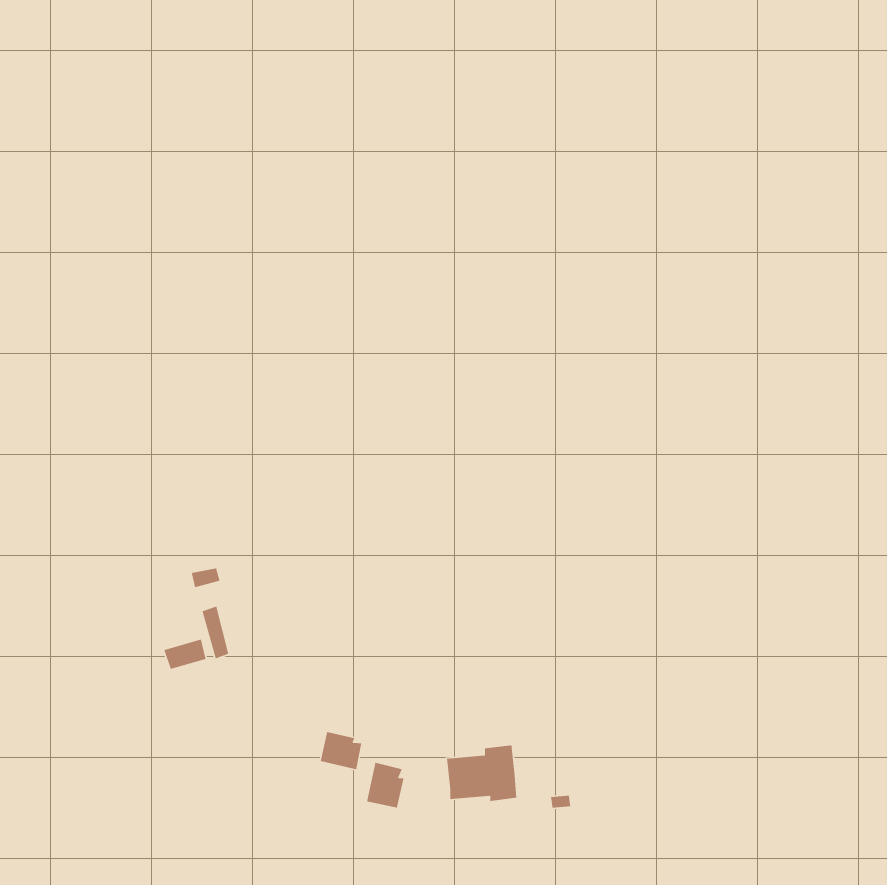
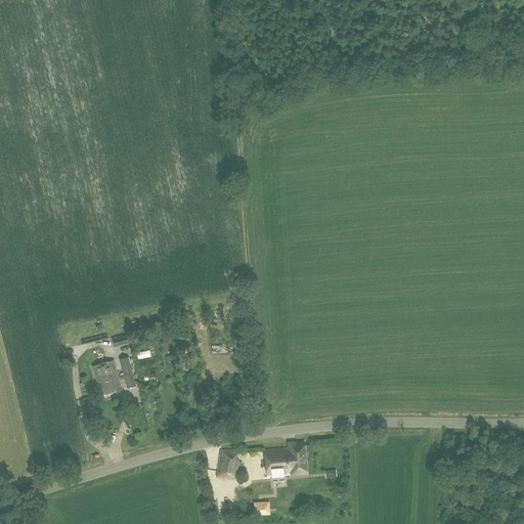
building: none -> [92,360,119,383]
building: [320,731,362,770] -> none

